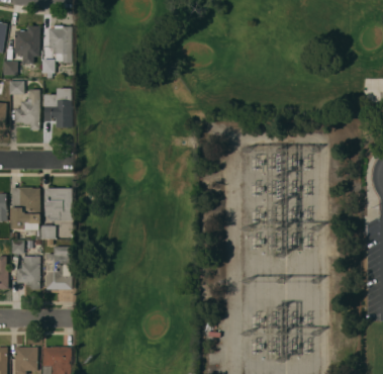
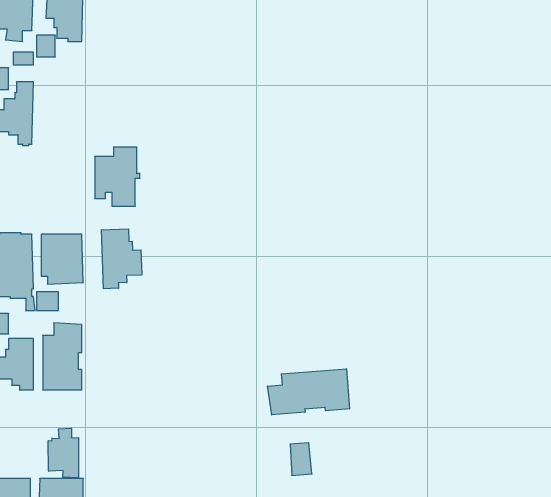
building: [44,88,74,126] -> [95,147,140,206]
building: none -> [101,229,142,289]
building: none -> [268,369,349,415]
building: none -> [48,428,79,478]

